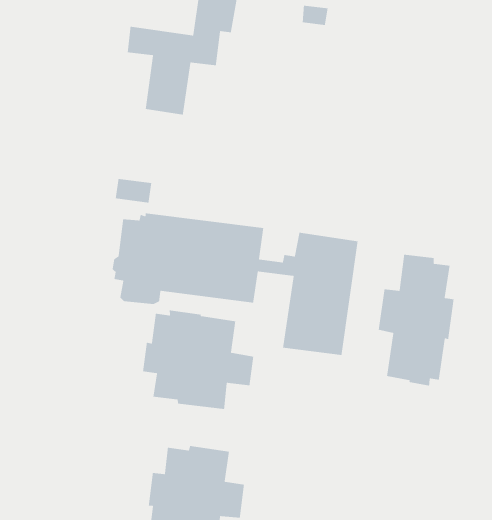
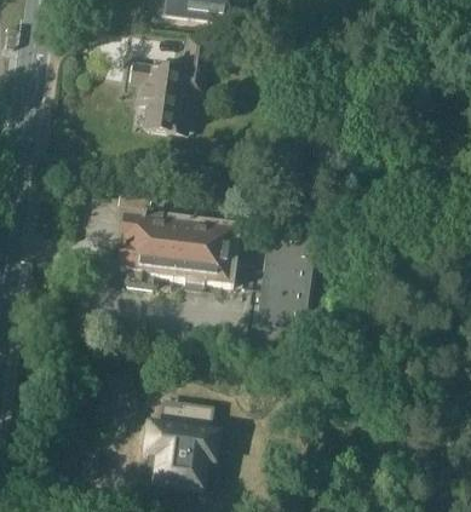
building: [378,254,455,387] -> none
building: [142,309,254,410] -> none

